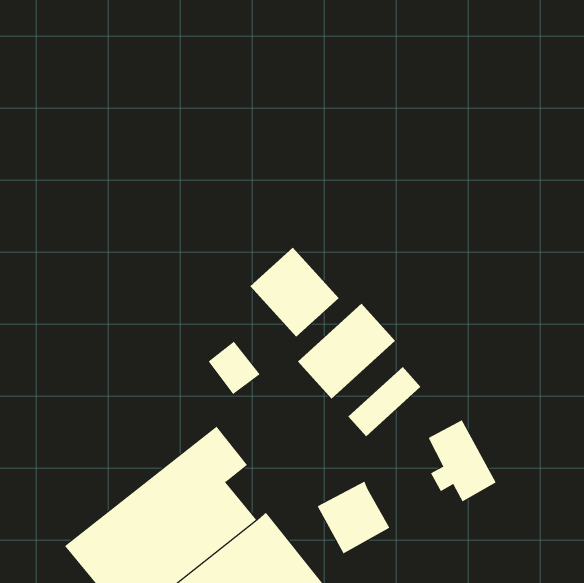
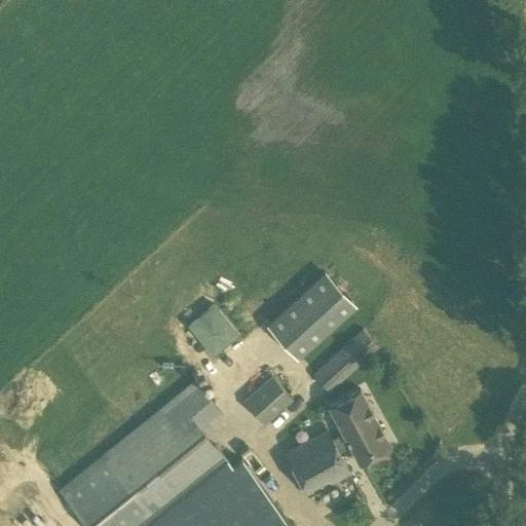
building: [250,247,339,337] -> none
building: none -> [242,377,291,426]
building: [428,419,497,502] -> [328,392,389,466]

